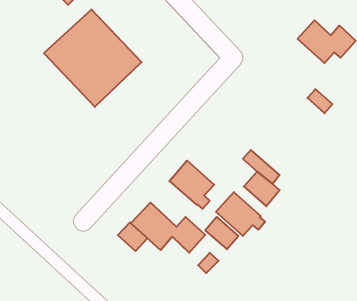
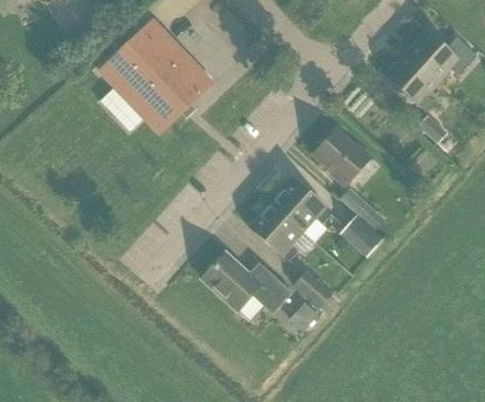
building: none -> [385,52,438,111]
building: none -> [314,129,371,186]
building: [216,192,265,236] -> [270,177,331,230]
building: [118,222,147,251] -> none

